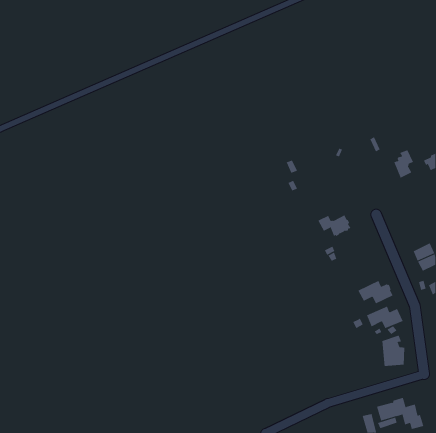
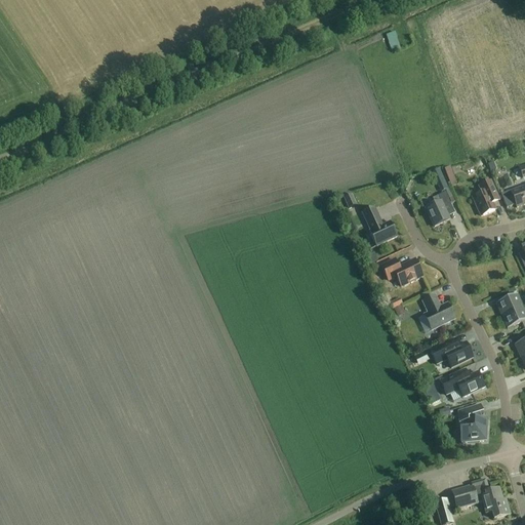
building: none -> [426,191,449,225]
building: none -> [365,212,397,245]
building: none -> [423,294,454,328]

